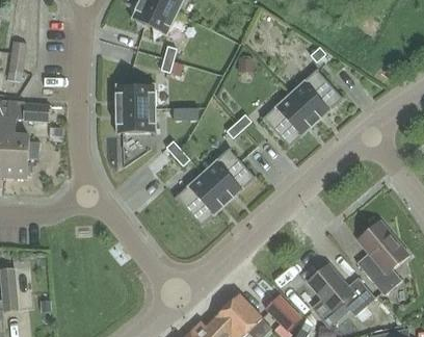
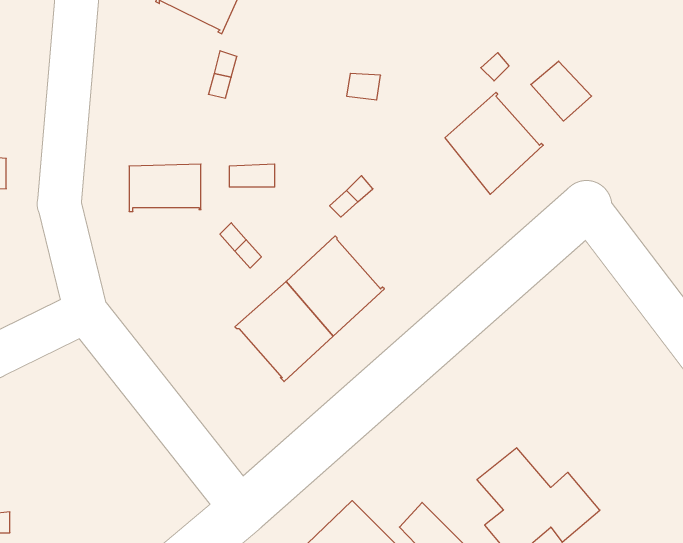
building: none -> [531,61,592,121]
building: [114,82,155,108] -> none
building: [261,93,314,148] -> none
building: [355,221,407,294] -> none

